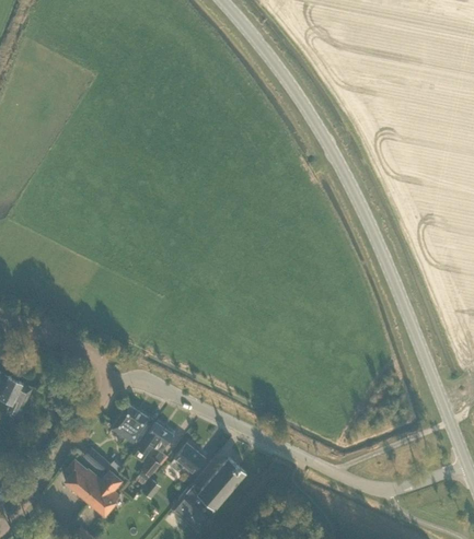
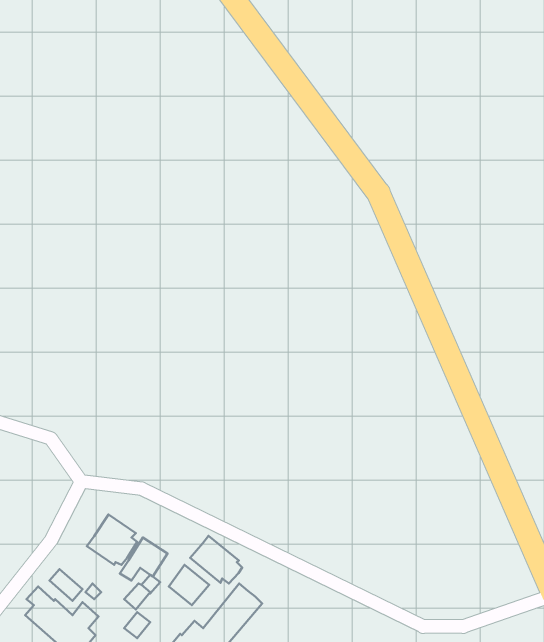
building: none -> [190,536,242,584]

